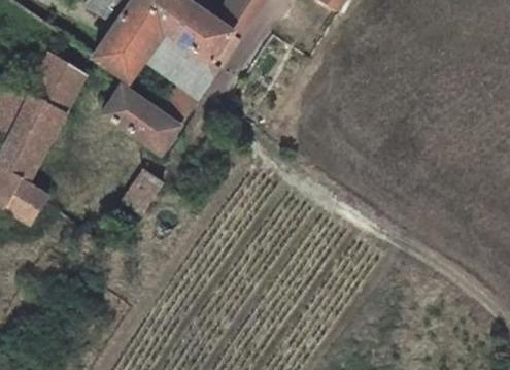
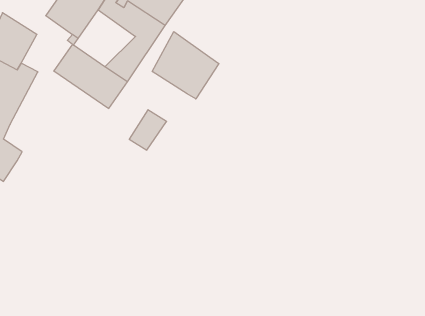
building: none -> [152,32,219,99]
building: [123,169,162,211] -> [129,110,167,150]

